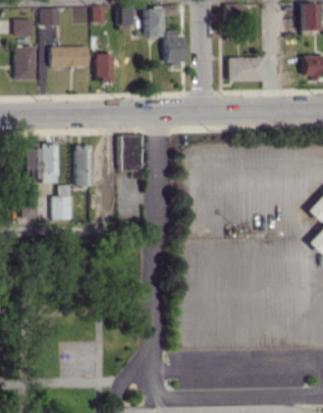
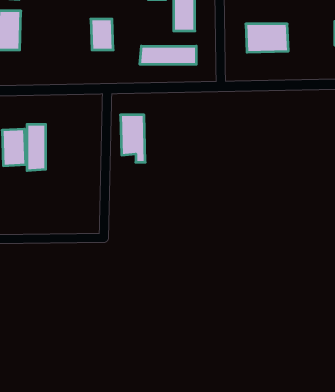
building: [50,47,89,68] -> none
building: none -> [140,46,196,64]
building: [73,145,90,187] -> none
building: [51,185,69,220] -> none

